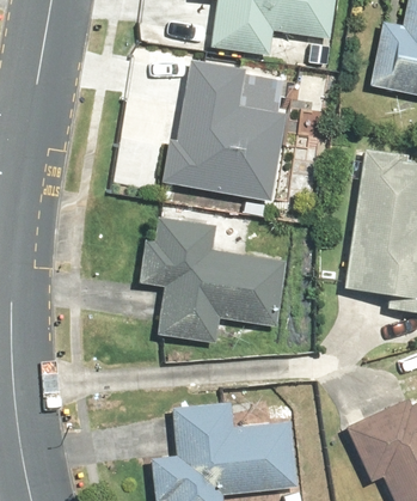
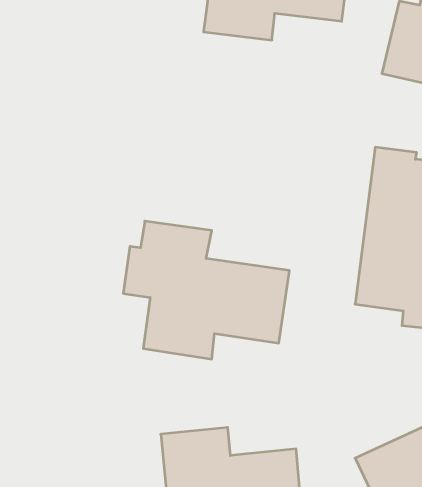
building: [159,59,287,201] -> none

